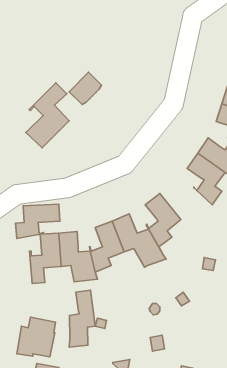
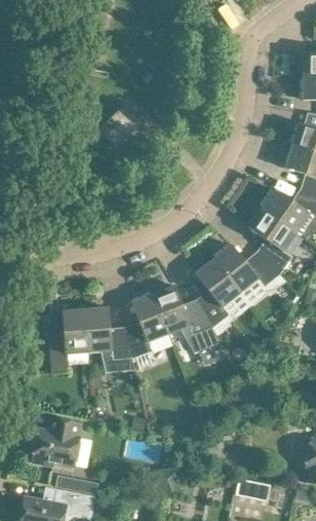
building: [26,83,69,148] -> none
building: none -> [214,244,281,291]
building: [15,204,60,238] -> none
building: [69,290,95,347] -> none

